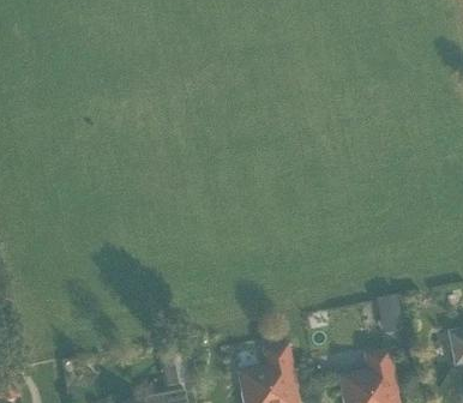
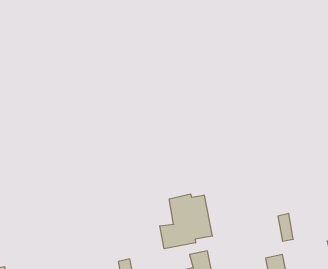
building: none -> [160,194,212,249]

